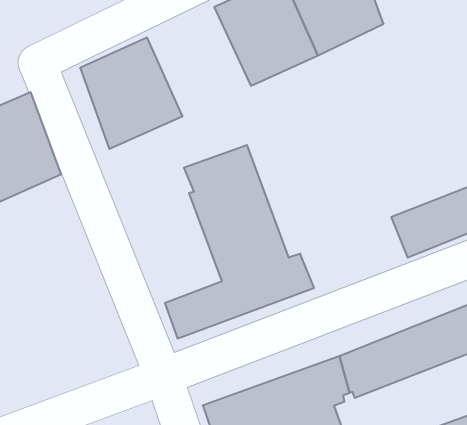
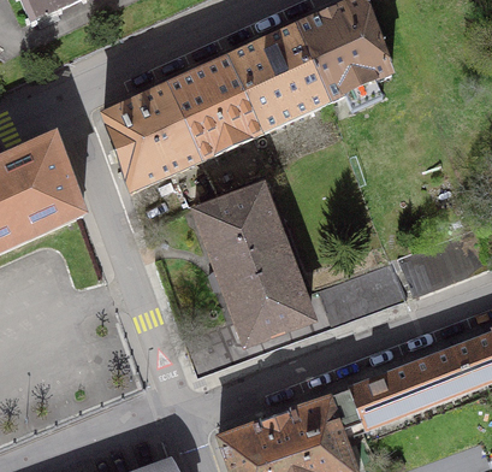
building: none -> [166,55,265,159]
building: none -> [312,261,403,323]

